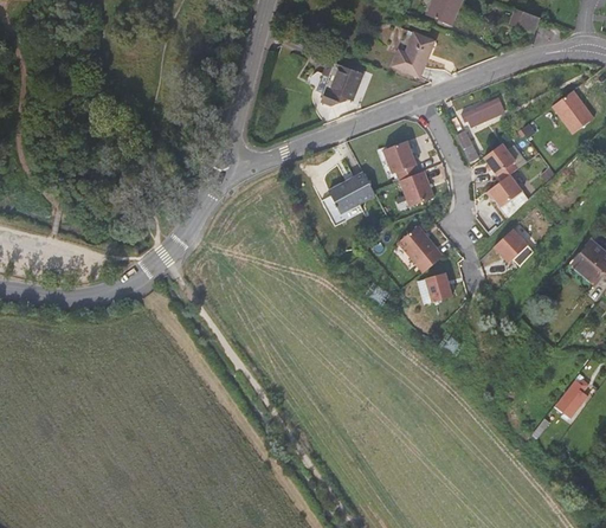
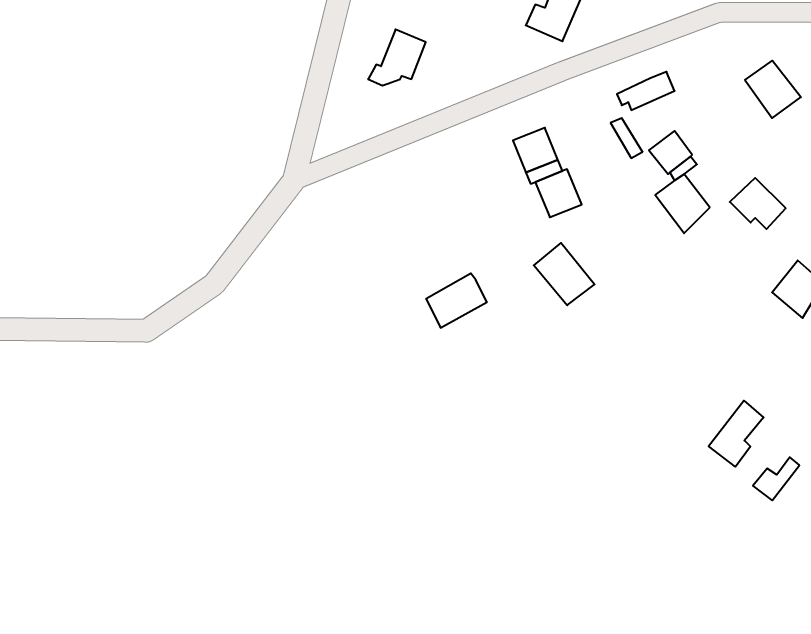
building: [320,64,362,105] -> [368,29,426,85]
building: [327,169,372,210] -> [426,273,487,328]
building: [497,225,539,263] -> [730,178,786,229]
building: [425,271,452,302] -> none
building: none -> [709,401,764,467]

